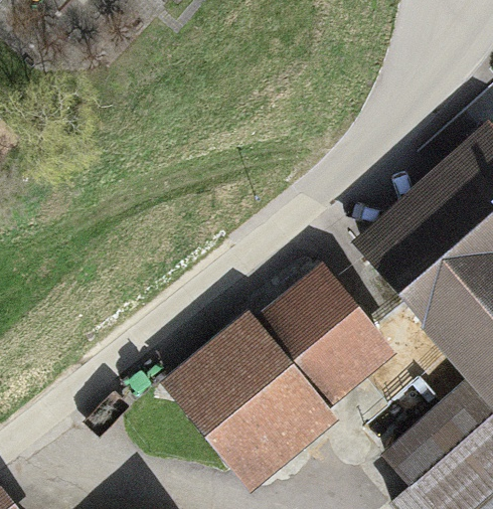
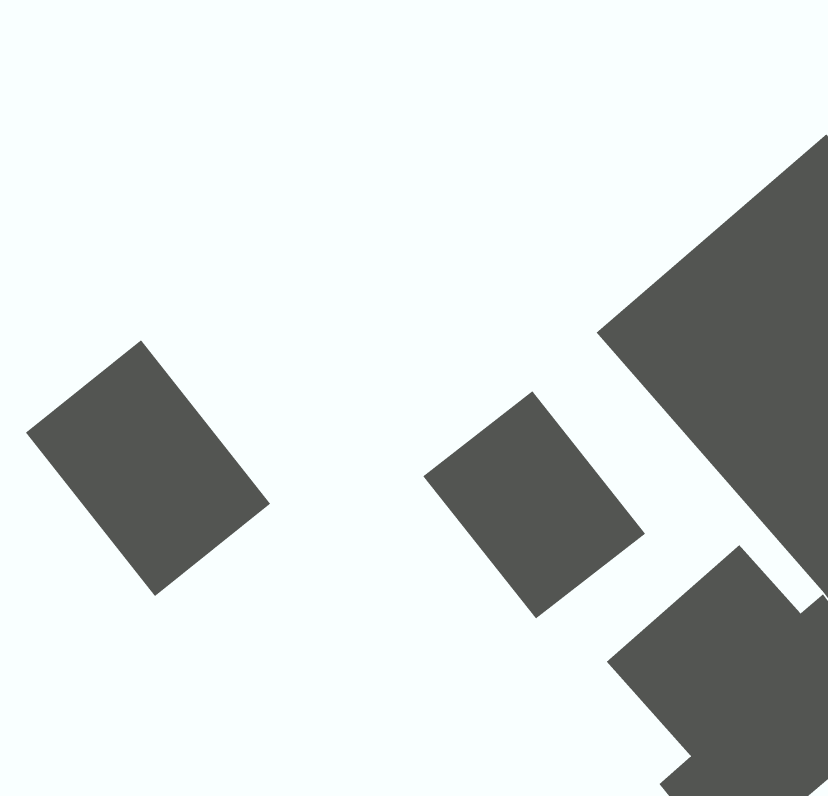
building: none -> [25,339,271,597]
building: [166,315,333,486] -> none

